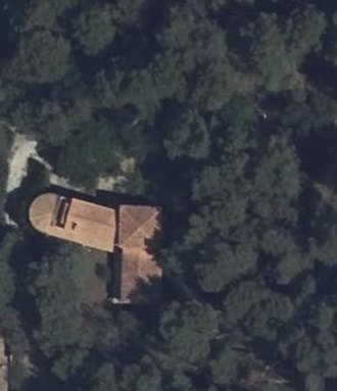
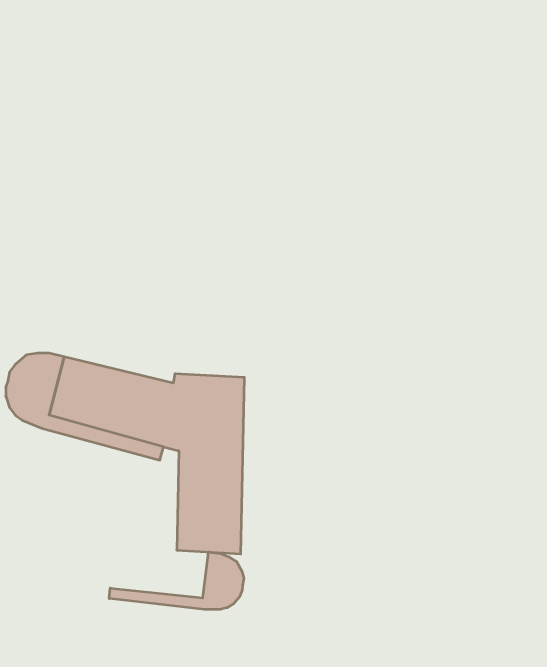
building: none -> [109,552,244,609]

